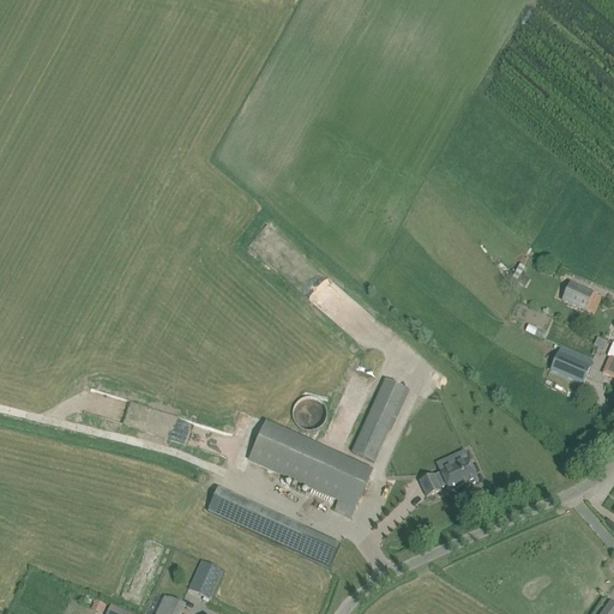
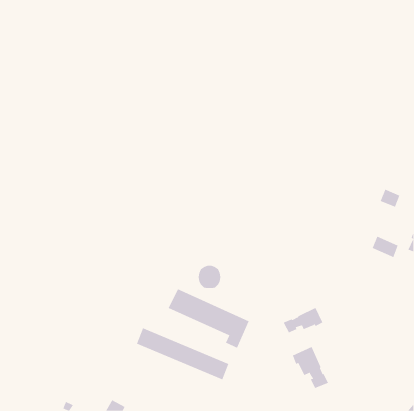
building: [353,377,407,459] -> none
building: none -> [292,346,329,389]
building: [189,558,222,595] -> none

